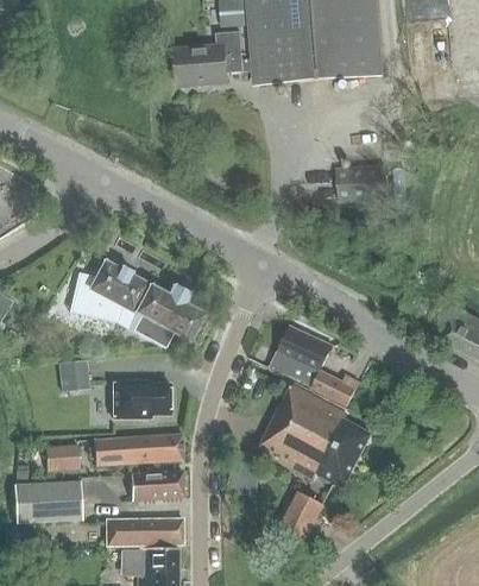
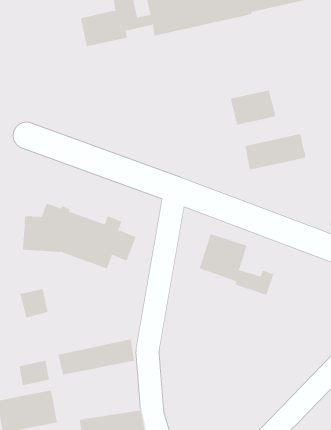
building: none -> [245,133,306,171]
building: [113,379,170,418] -> none
building: [258,383,371,486] -> none
building: [131,470,182,499] -> none
building: [273,490,324,552] -> none

